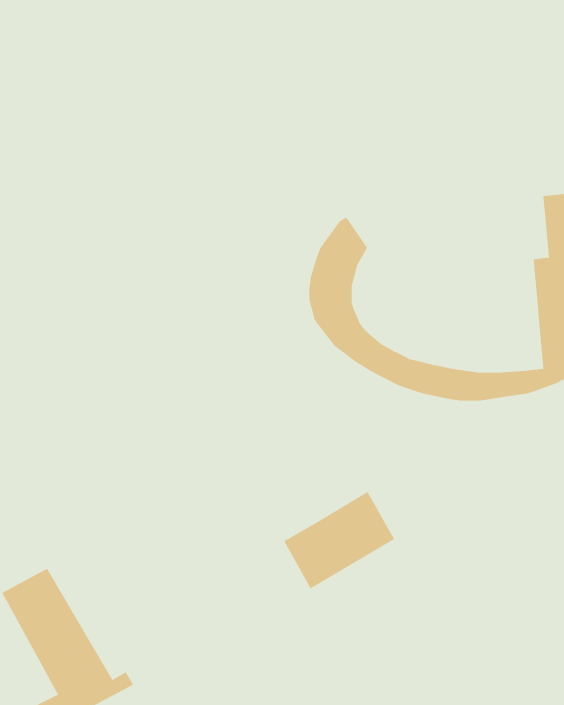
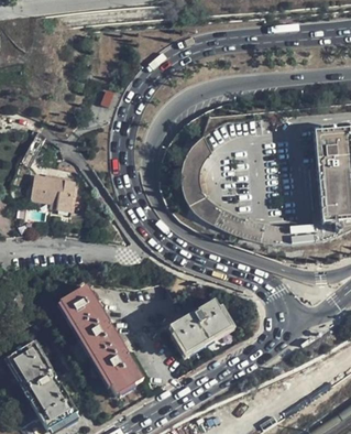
building: none -> [33,173,76,210]
building: none -> [53,280,142,398]

